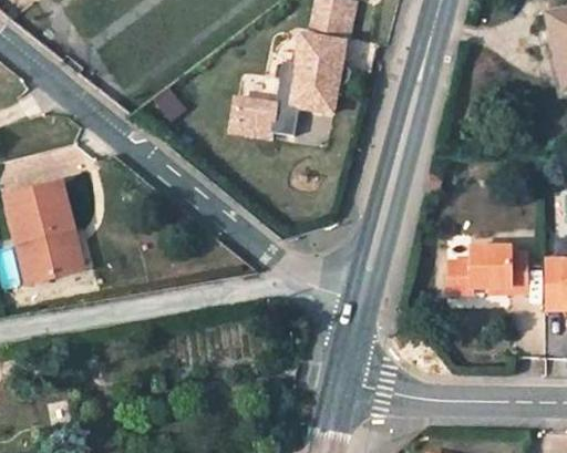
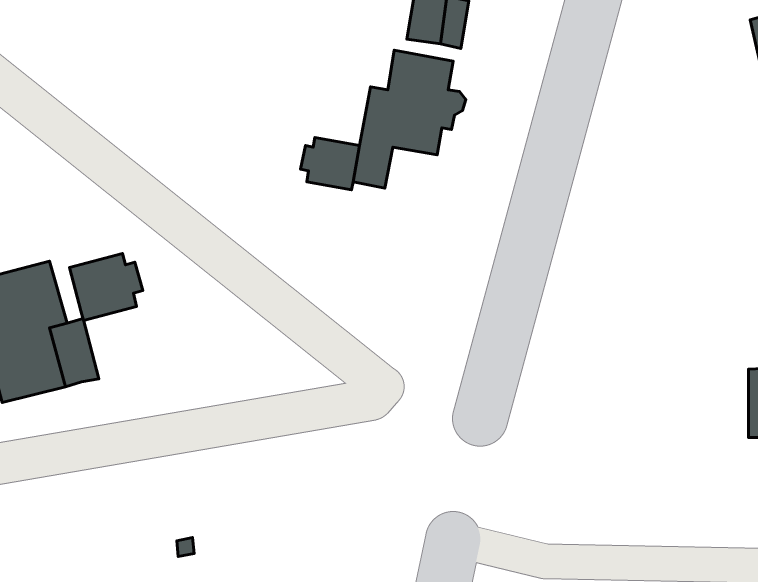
building: none -> [70,254,143,320]
building: [449,246,528,291] -> none

